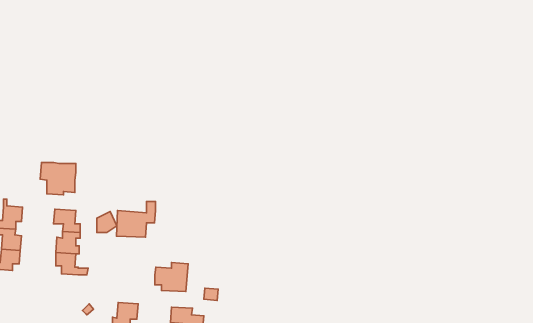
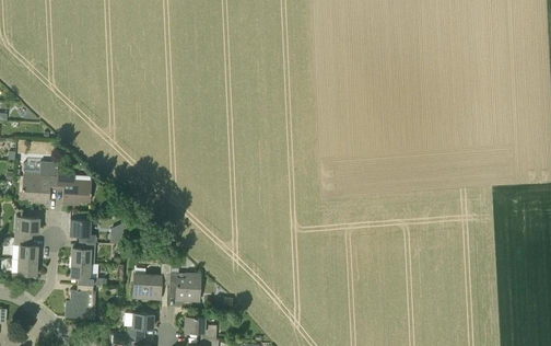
building: none -> [22,160,58,203]
building: [117,202,155,237] -> [132,263,171,298]
building: none -> [66,282,96,316]

